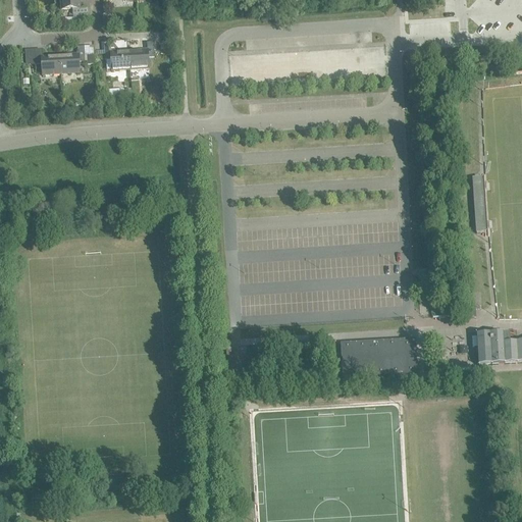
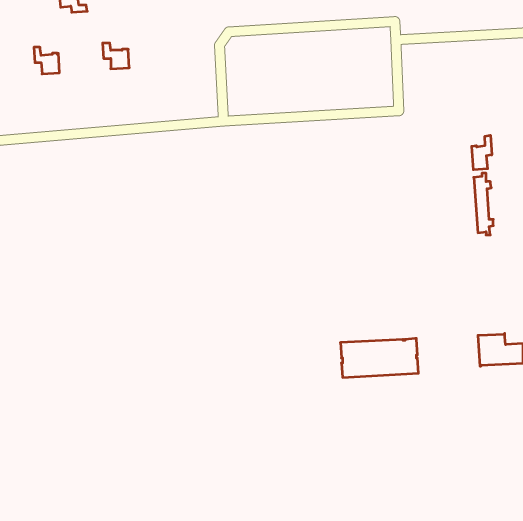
building: [127,40,153,67] -> none
building: [58,44,84,72] -> none
building: none -> [472,135,492,170]

